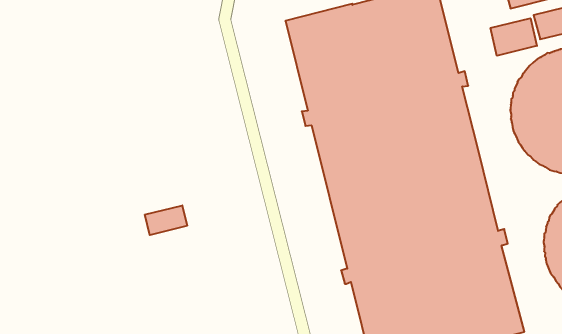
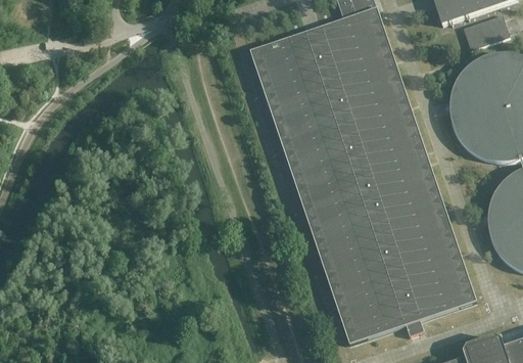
building: [491,18,537,56] -> none
building: [145,205,187,235] -> none

